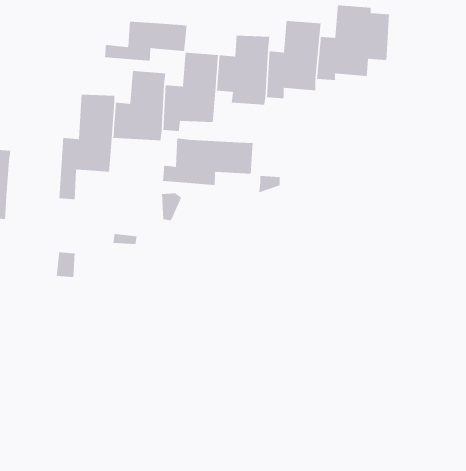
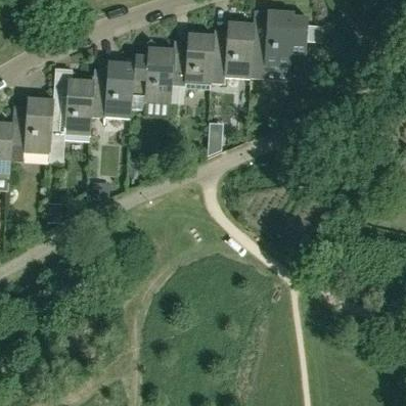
building: [104,21,187,61] -> none
building: none -> [9,97,53,161]
building: [162,138,254,186] -> none

